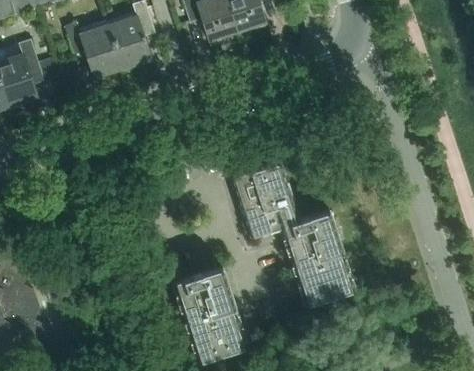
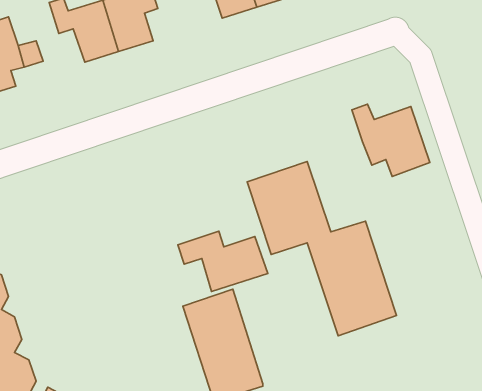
building: none -> [352,104,430,176]
building: none -> [178,231,268,291]

